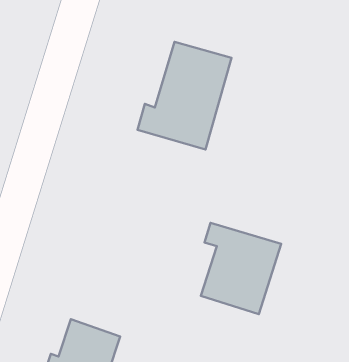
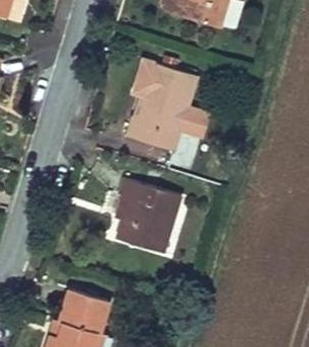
building: [201,223,281,314] -> [112,179,178,254]

